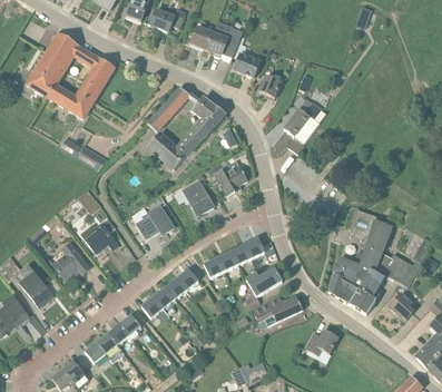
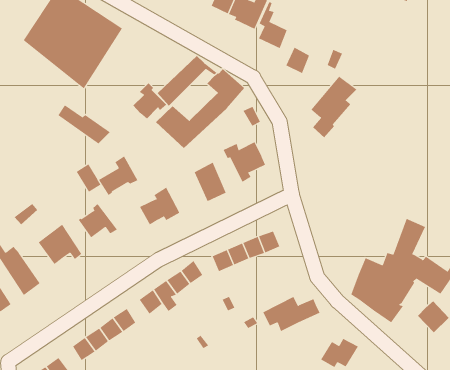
building: none -> [132,82,167,120]
building: none -> [98,155,138,196]
building: [245,267,282,307] -> none

